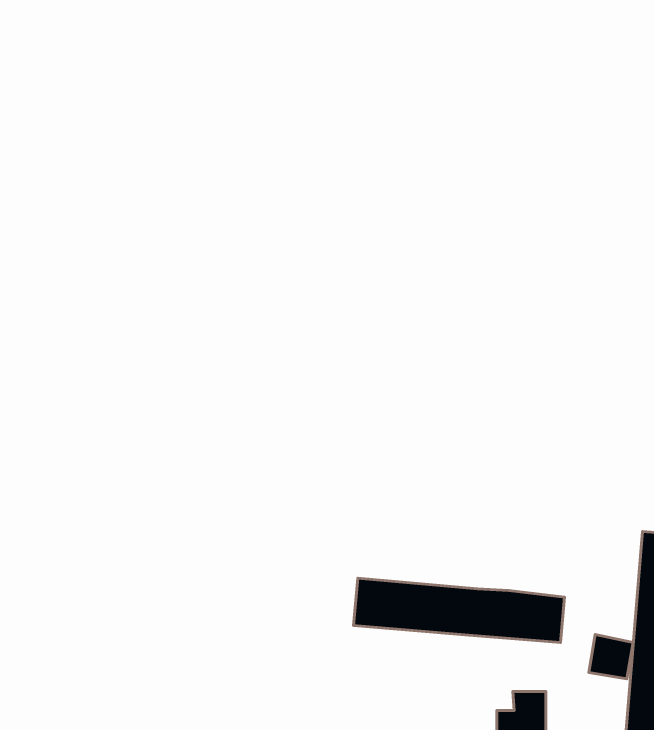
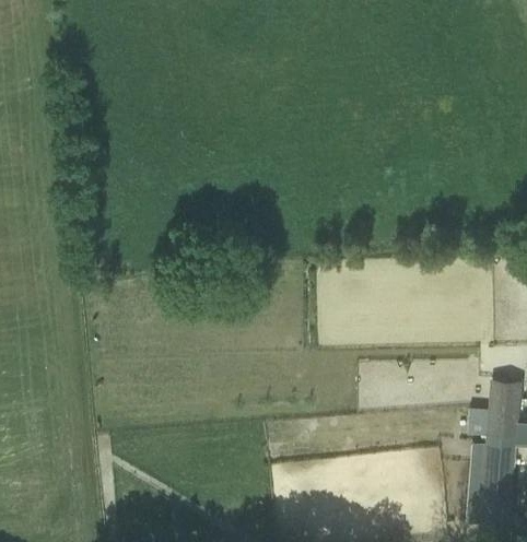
building: [354,578,564,643] -> none

